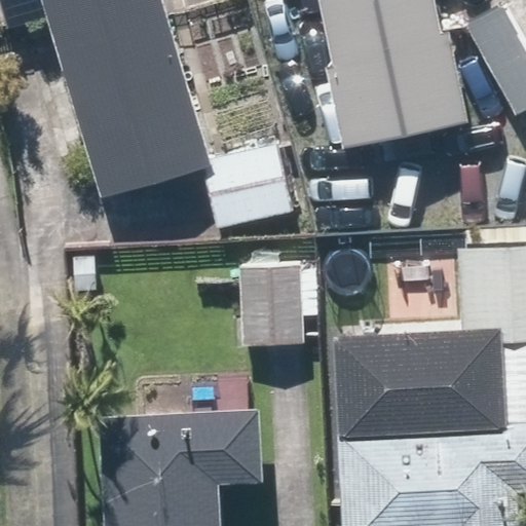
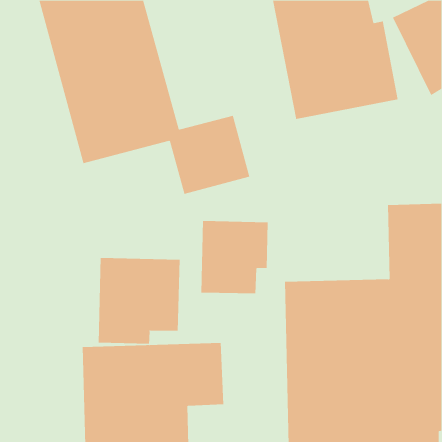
building: none -> [98,257,180,345]

